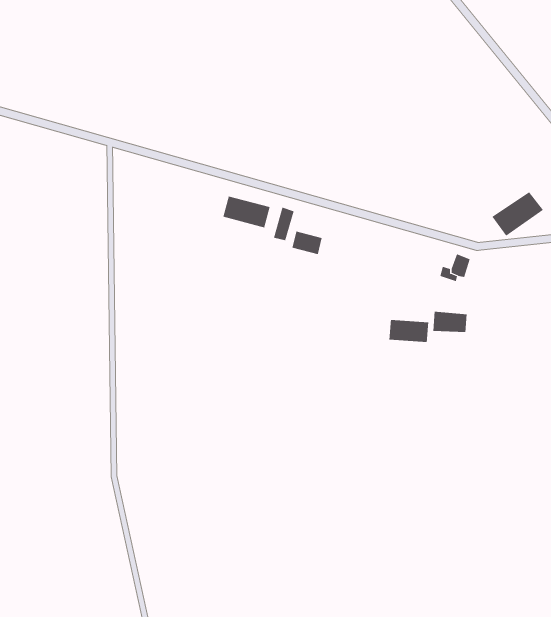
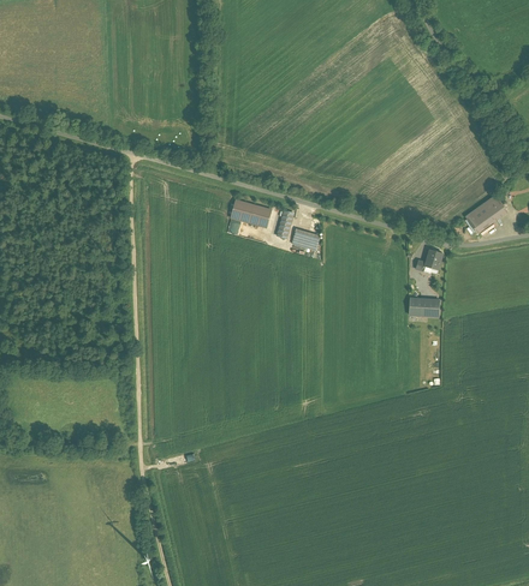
building: [389,319,429,343] -> none

